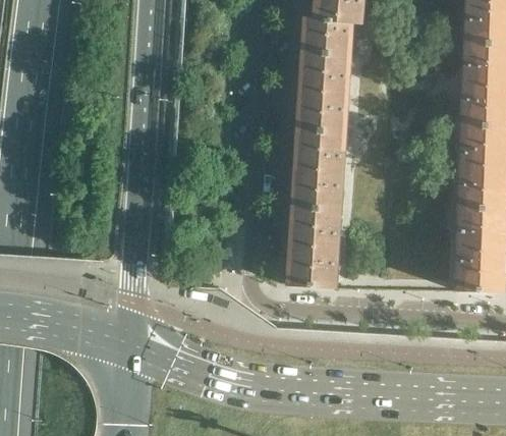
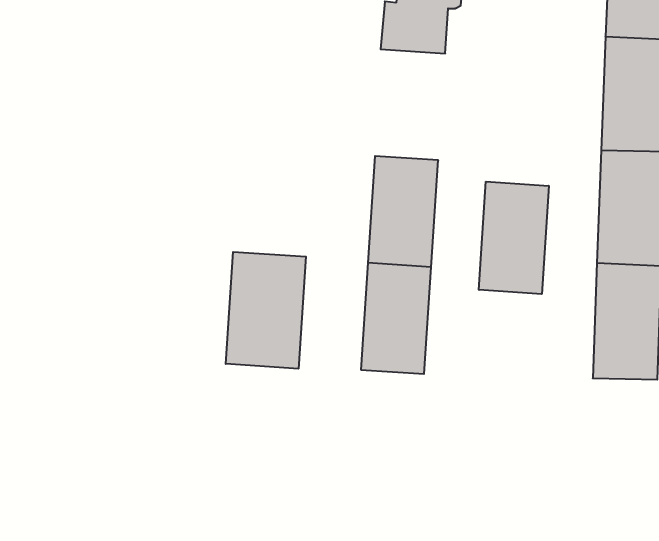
building: [298,50,349,130] -> none
building: none -> [479,182,549,294]
building: none -> [226,252,306,369]

